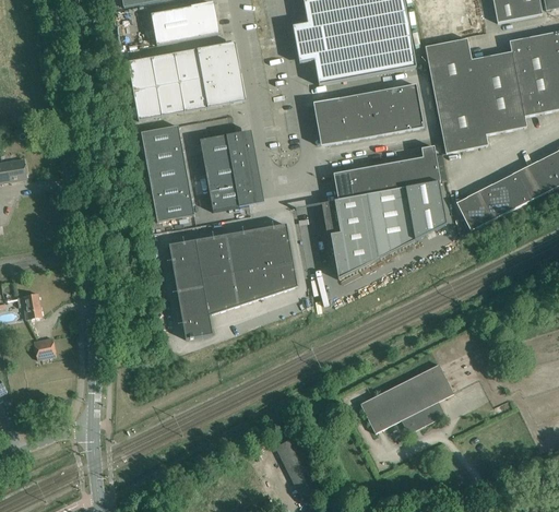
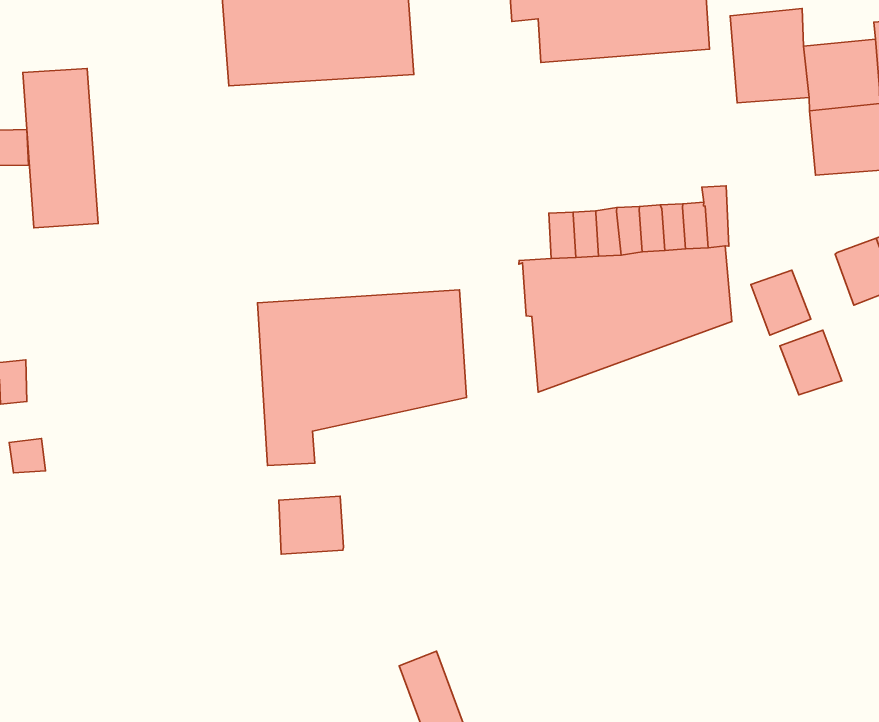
building: [313,83,424,145] -> none
building: [436,88,488,152] -> none
building: [141,124,194,221] -> [23,68,98,228]
building: [200,129,264,211] -> none
building: [478,178,516,217] -> [780,330,842,395]
building: none -> [279,496,344,554]
building: [360,362,454,432] -> none

